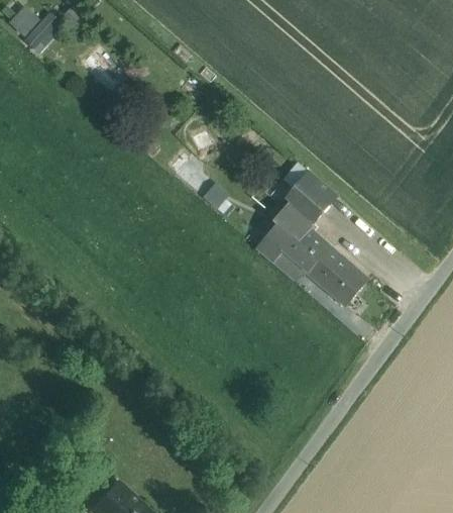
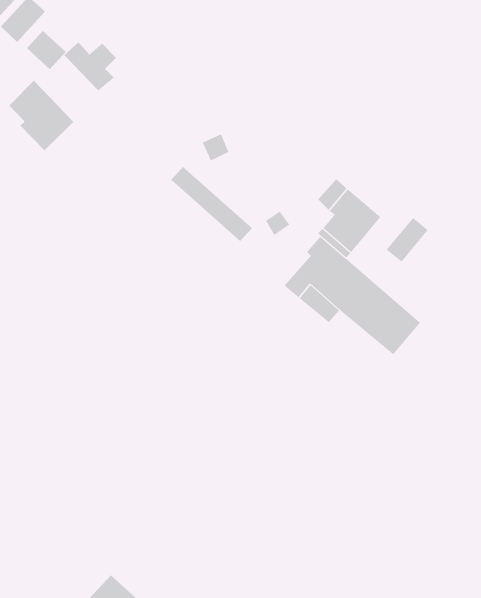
building: none -> [26,30,66,70]
building: none -> [9,80,74,151]
building: none -> [386,217,429,263]

